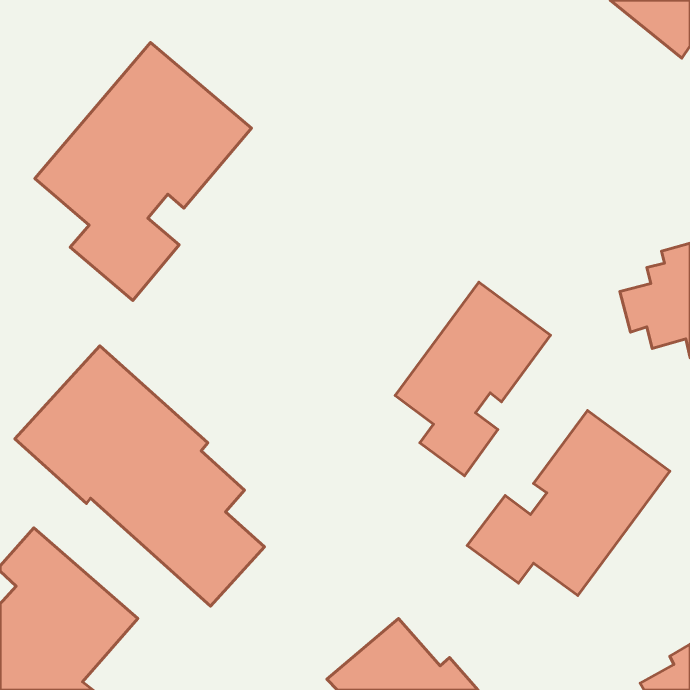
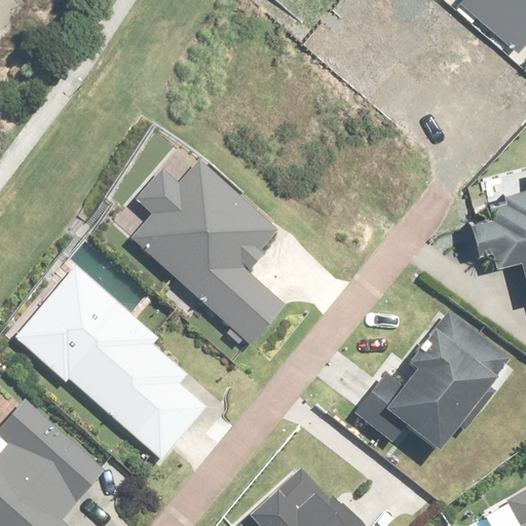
building: [35,42,252,301] -> none
building: none -> [132,161,286,343]
building: [395,282,551,476] -> none

